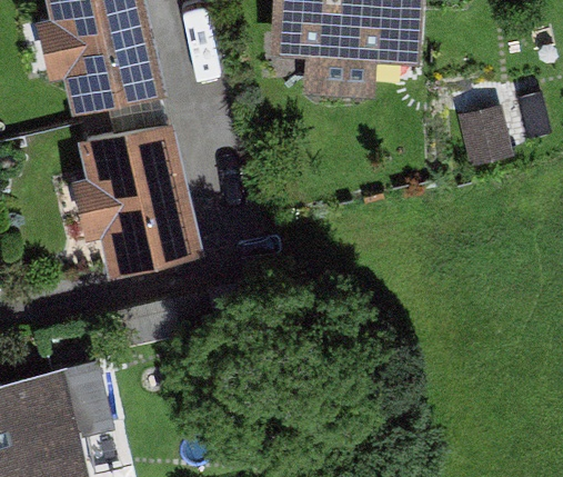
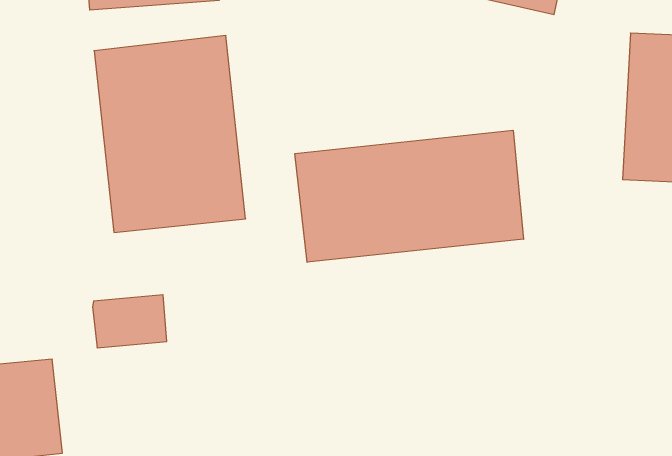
building: none -> [295,130,524,262]

